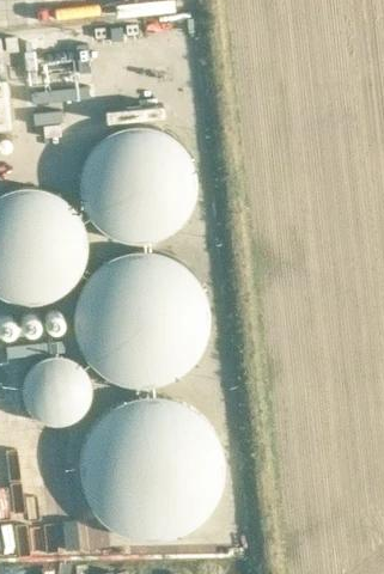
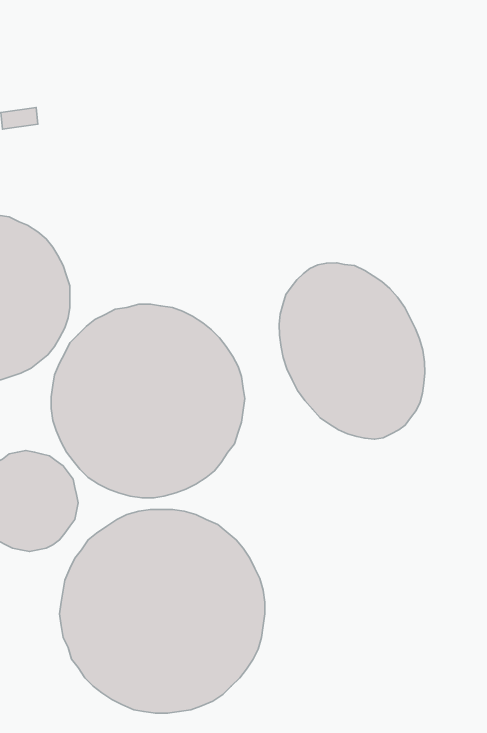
building: [79,128,196,245] -> none
building: none -> [279,263,425,439]

